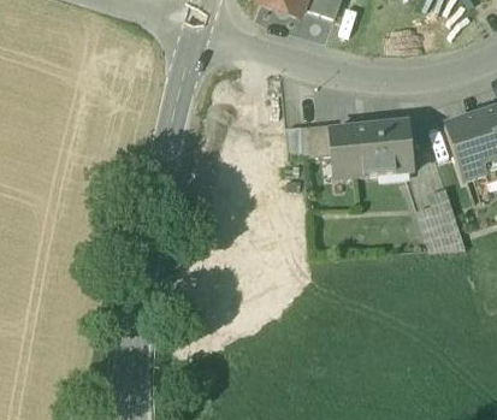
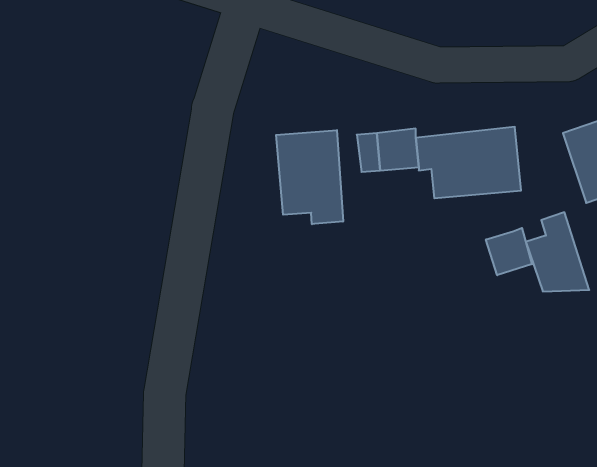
building: none -> [276,130,343,224]
building: none -> [486,228,532,275]

